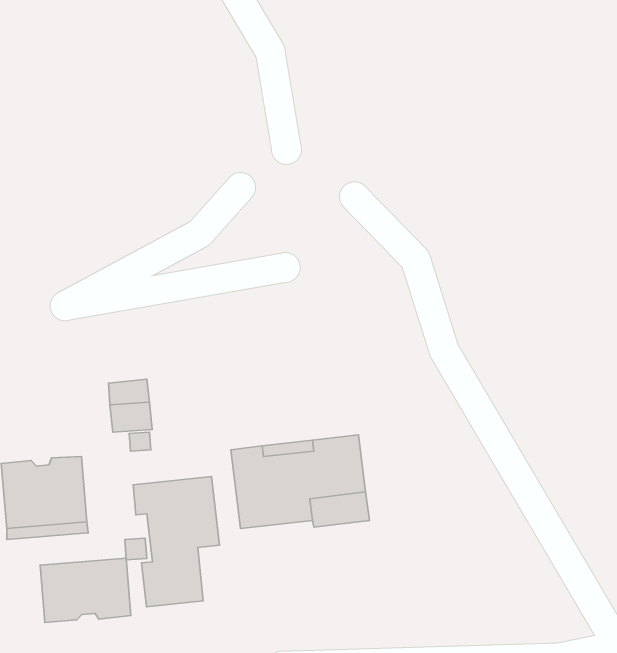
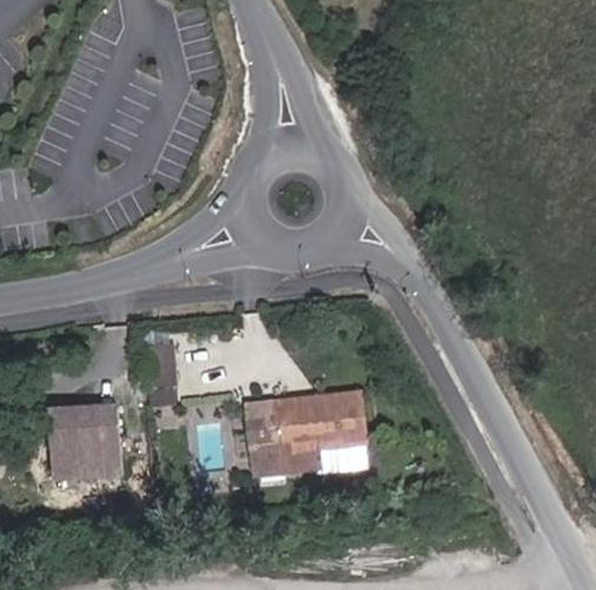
building: [133,476,219,607] -> none
building: [40,558,131,622] -> none

